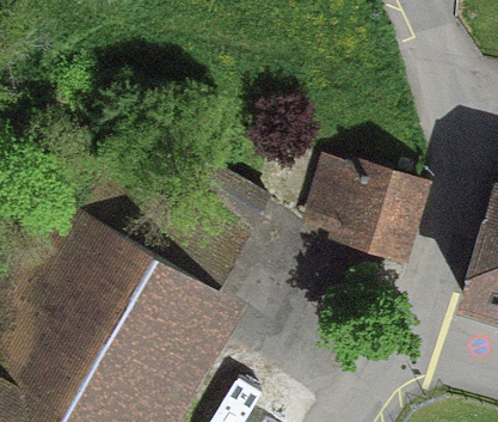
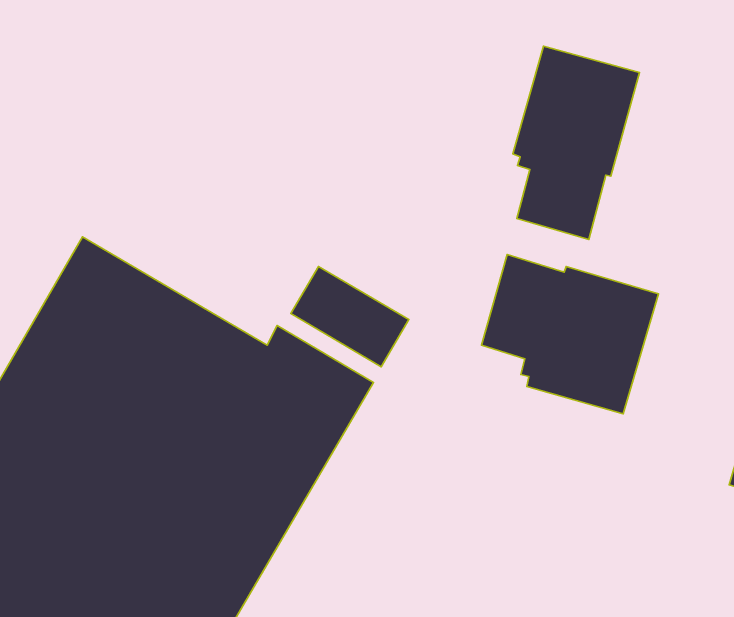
building: none -> [513,46,639,239]

